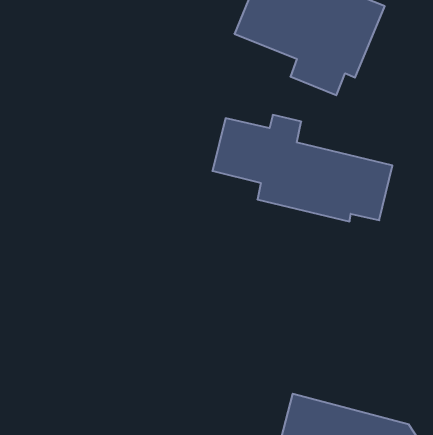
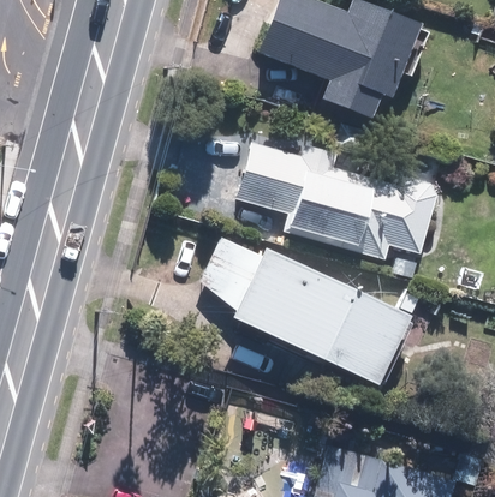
building: none -> [198,235,419,384]

